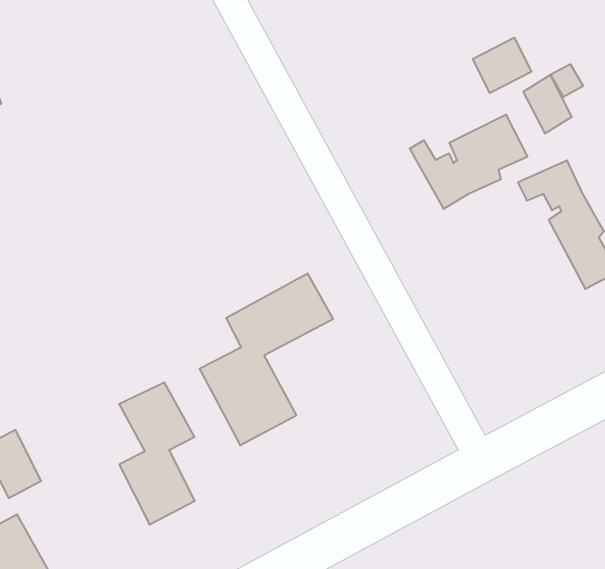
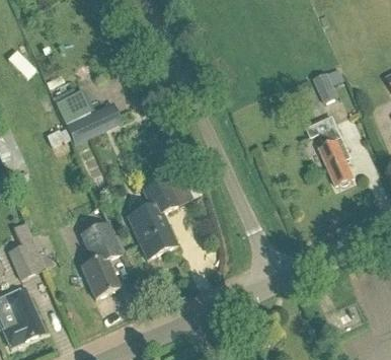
building: [473,38,531,93] -> none
building: none -> [48,71,124,144]
building: [410,115,527,209] -> none

